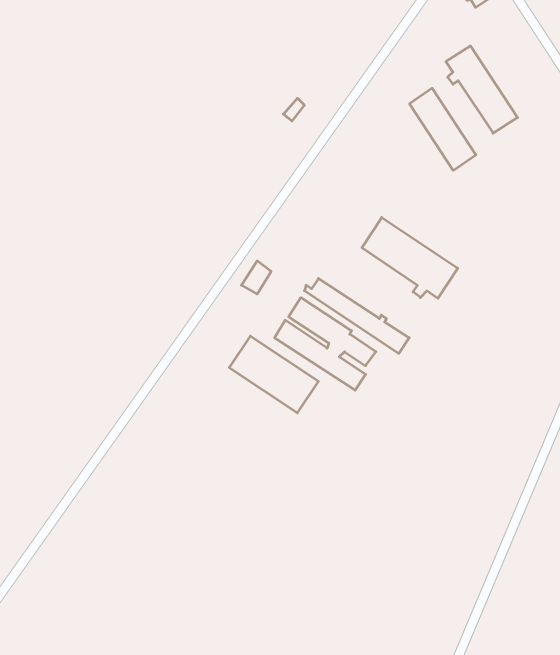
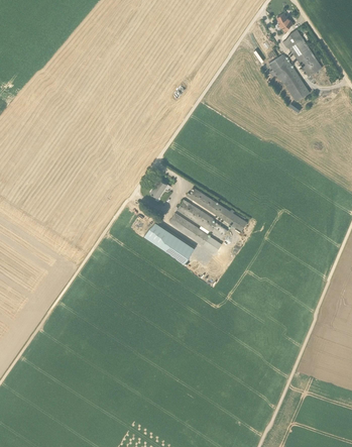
building: [410,88,476,170] -> [283,31,322,79]
building: [362,217,458,298] -> none

